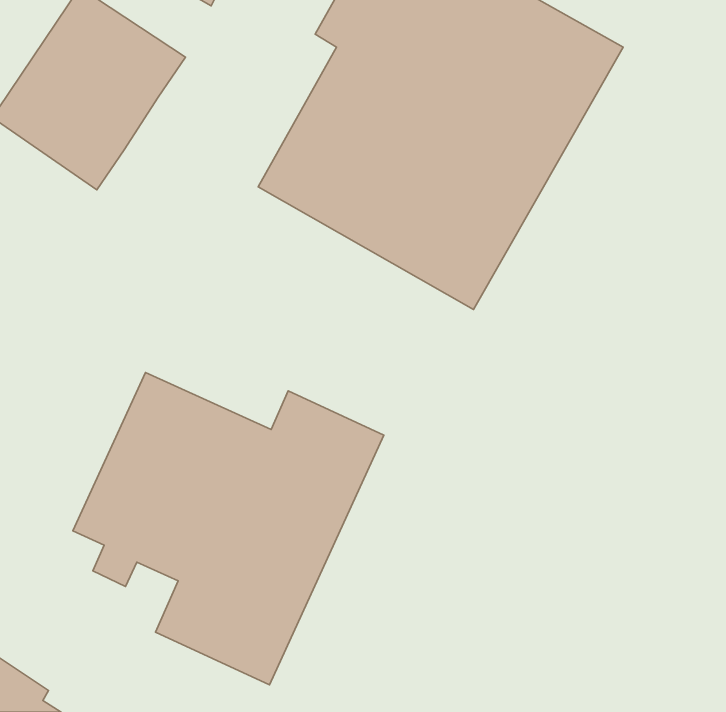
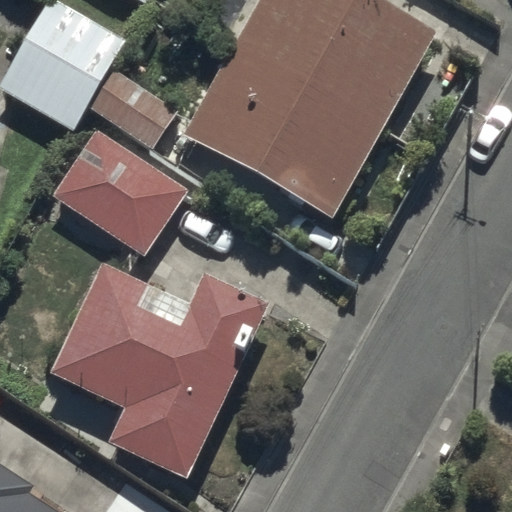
building: none -> [52,68,187,254]

